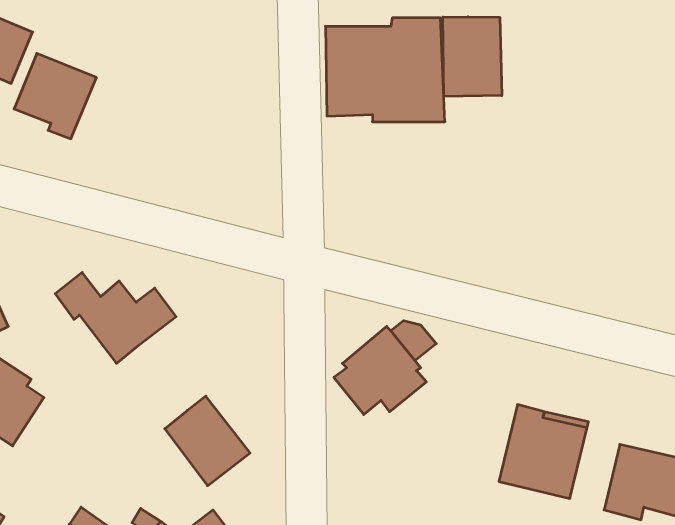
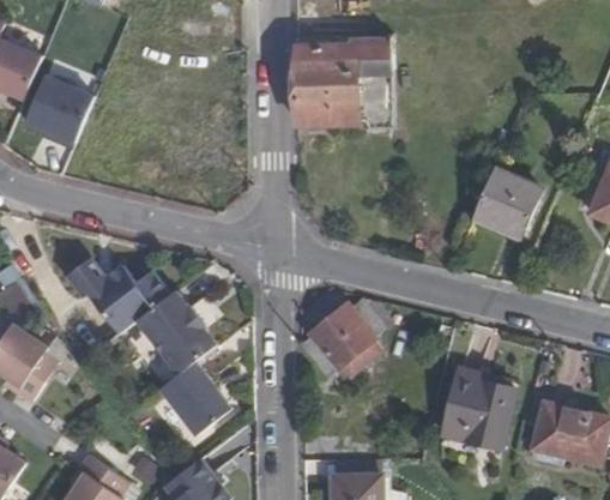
building: [443,17,502,97] -> none
building: none -> [472,171,537,237]
building: none -> [137,289,215,373]

